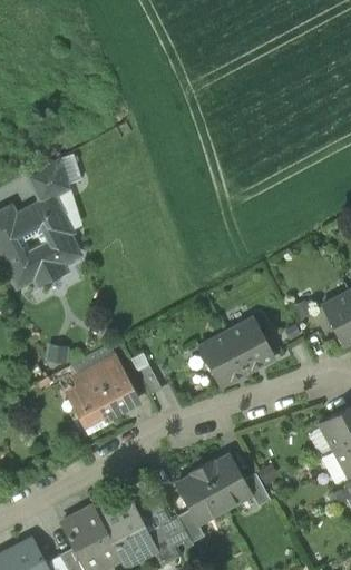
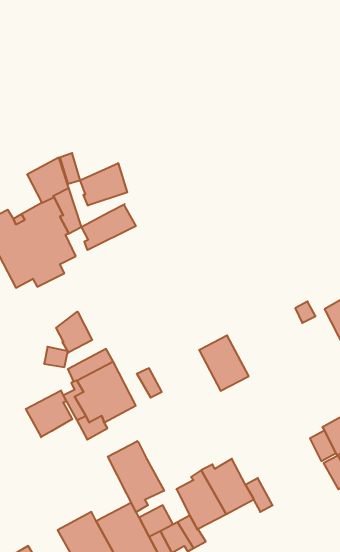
building: none -> [80,163,127,206]
building: none -> [81,204,136,250]
building: none -> [56,312,92,353]
building: [226,318,275,373] -> none
building: none -> [26,390,72,437]
building: none -> [108,441,164,512]

